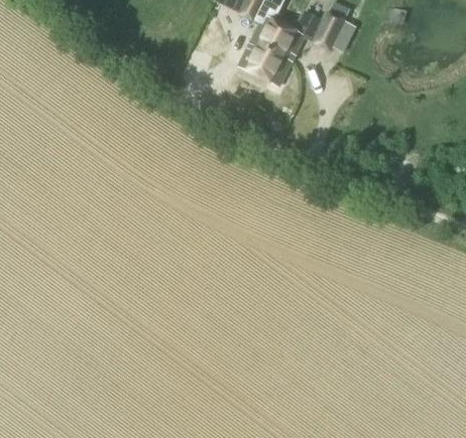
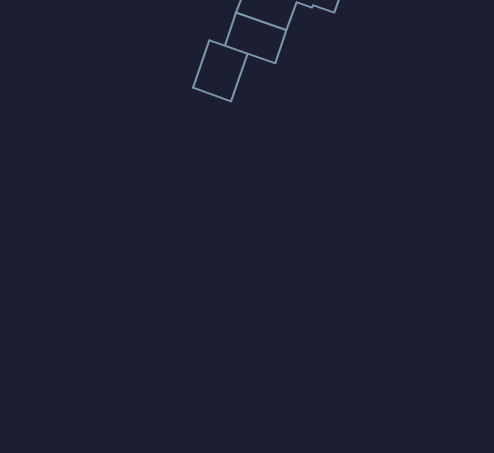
building: none -> [193,40,247,101]

